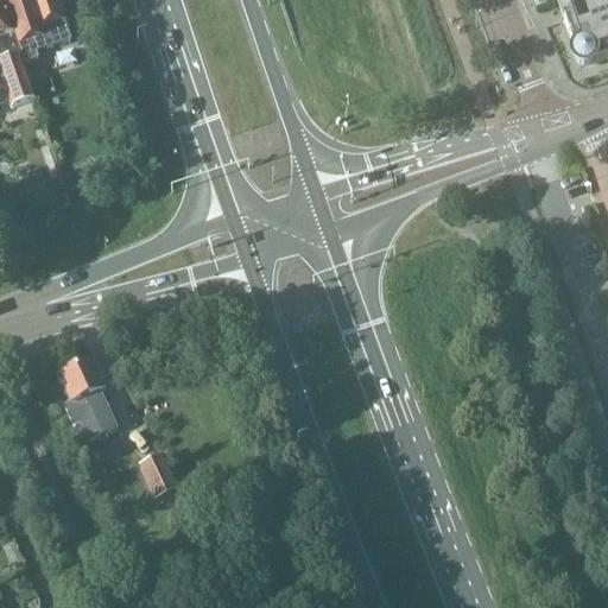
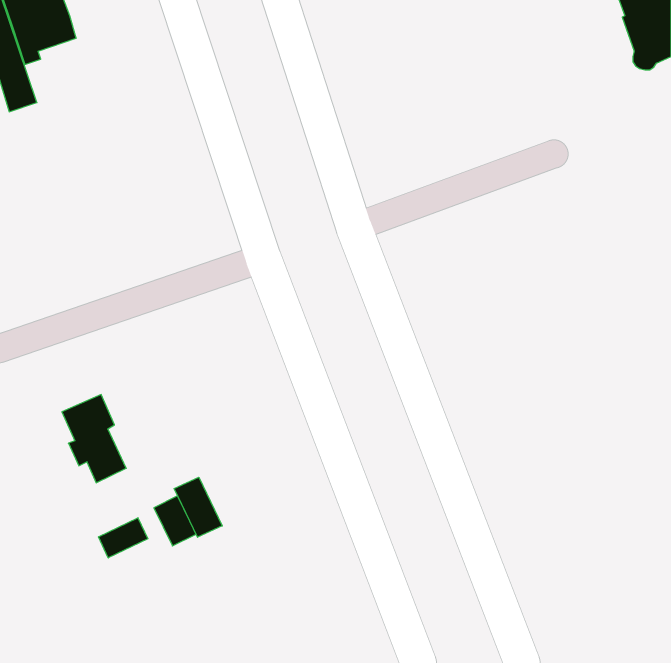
building: none -> [174,477,222,537]
building: none -> [99,518,148,558]

